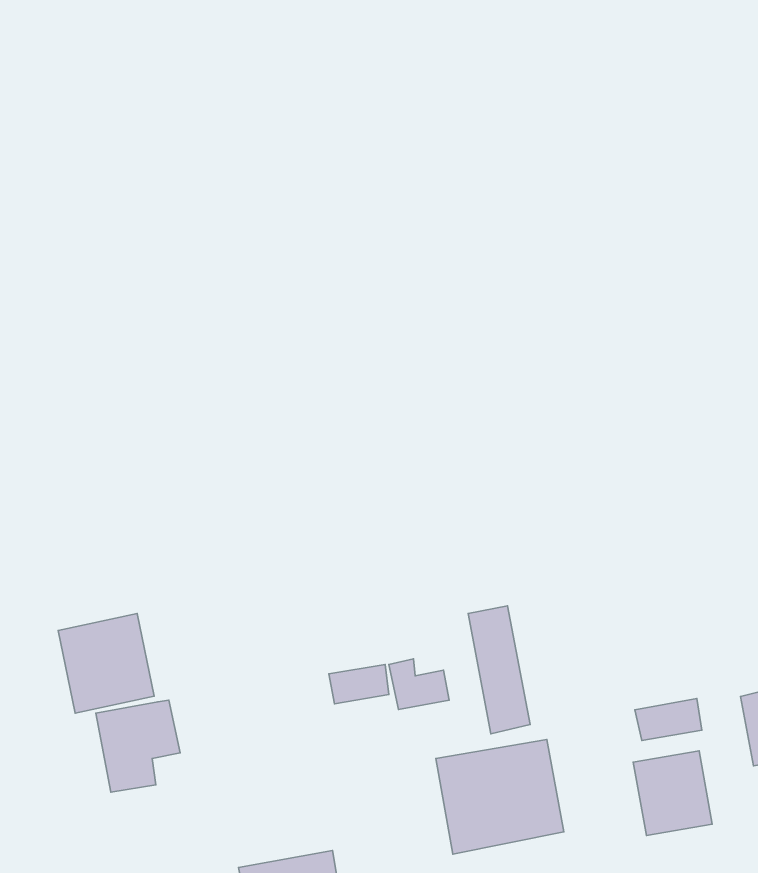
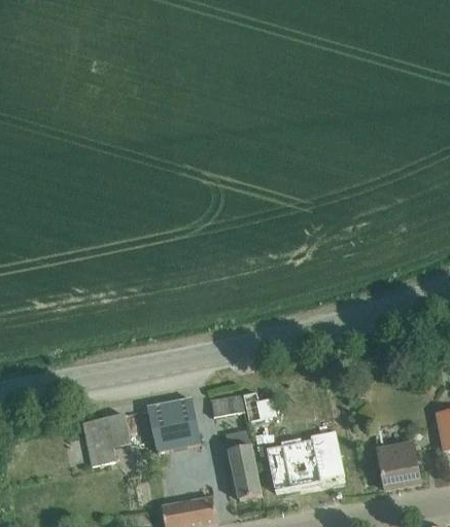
building: [468,606,530,734] -> [226,429,259,499]
building: [58,614,154,713] -> [147,397,200,452]
building: [635,699,702,740] -> none

